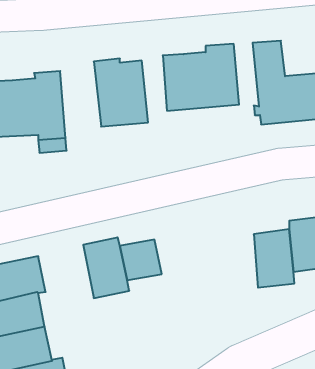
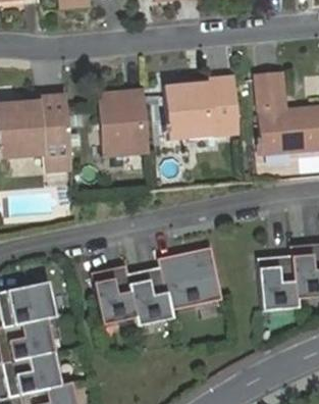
building: none -> [157,247,221,308]

